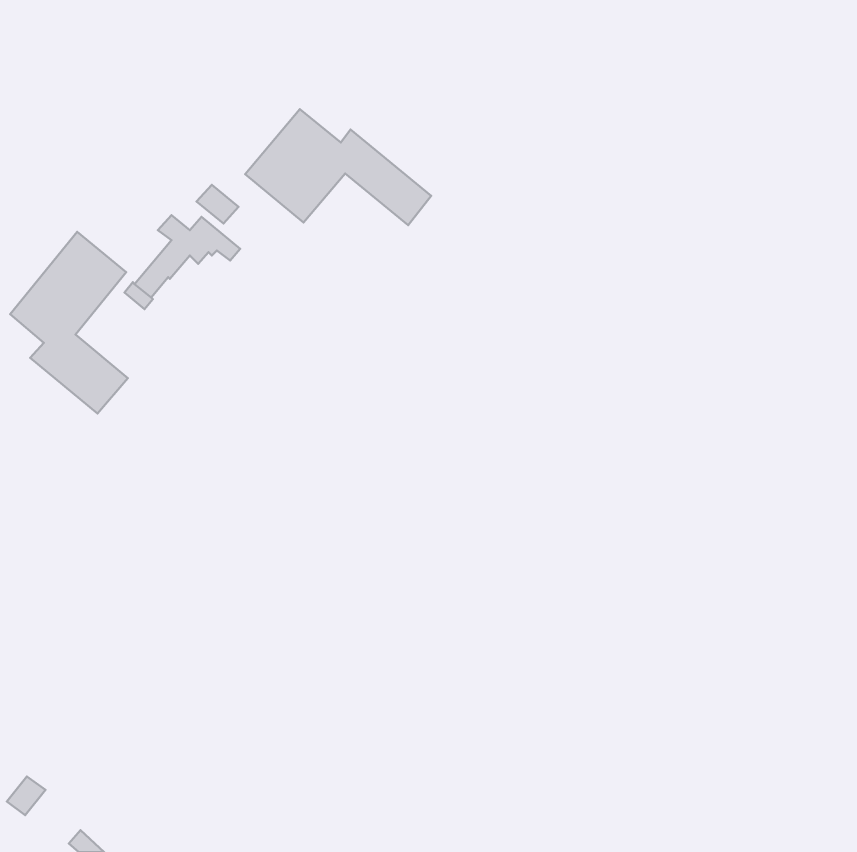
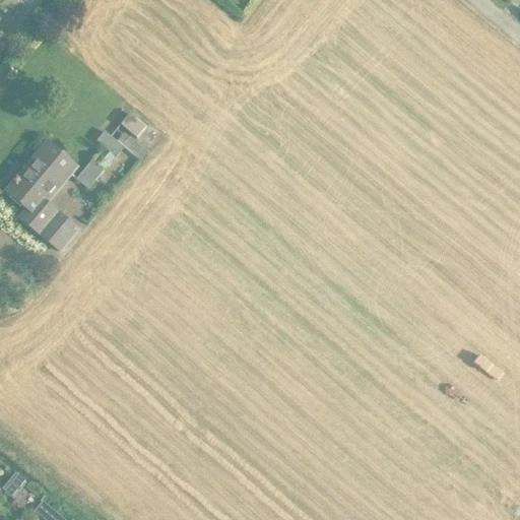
building: [245,109,431,225] -> none

